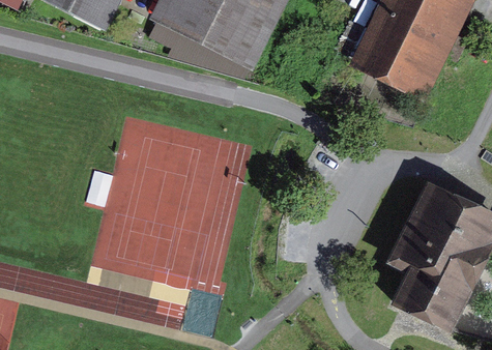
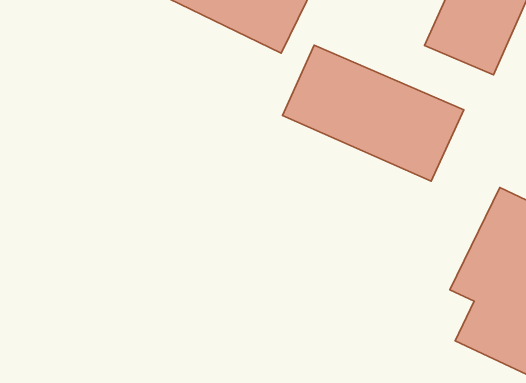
building: none -> [282,45,464,181]

